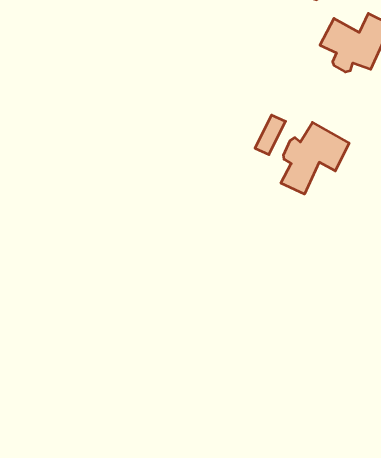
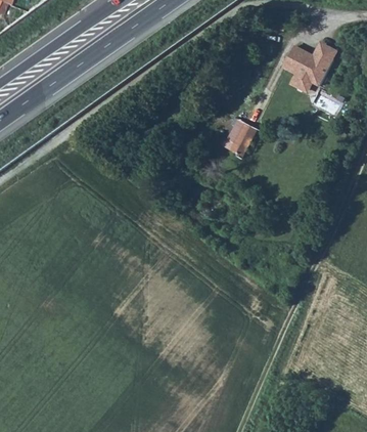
building: [281,122,349,194] -> none

